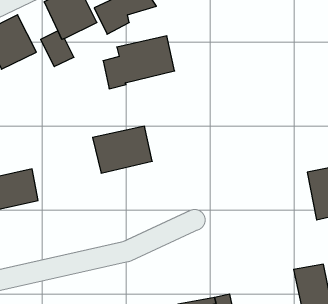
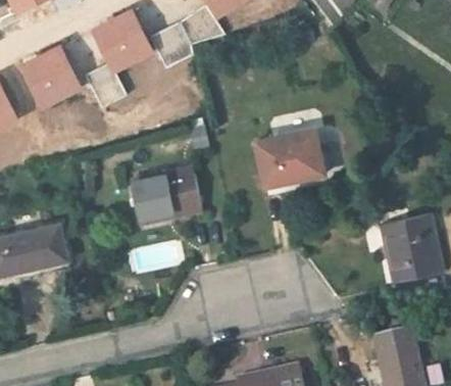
building: [103,36,175,89] -> [246,129,332,192]

